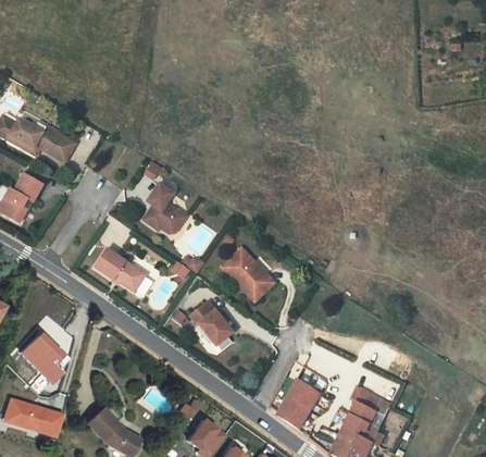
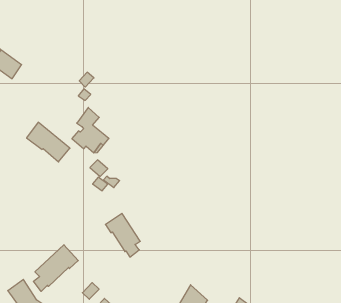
building: [221,249,274,301] -> none
building: [96,257,147,299] -> [27,122,70,162]
building: none -> [33,245,78,291]

